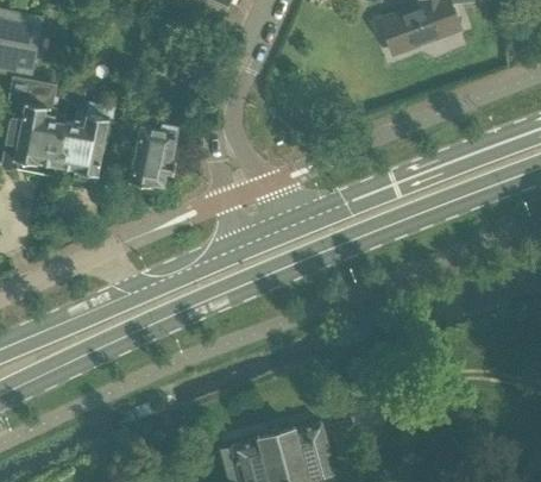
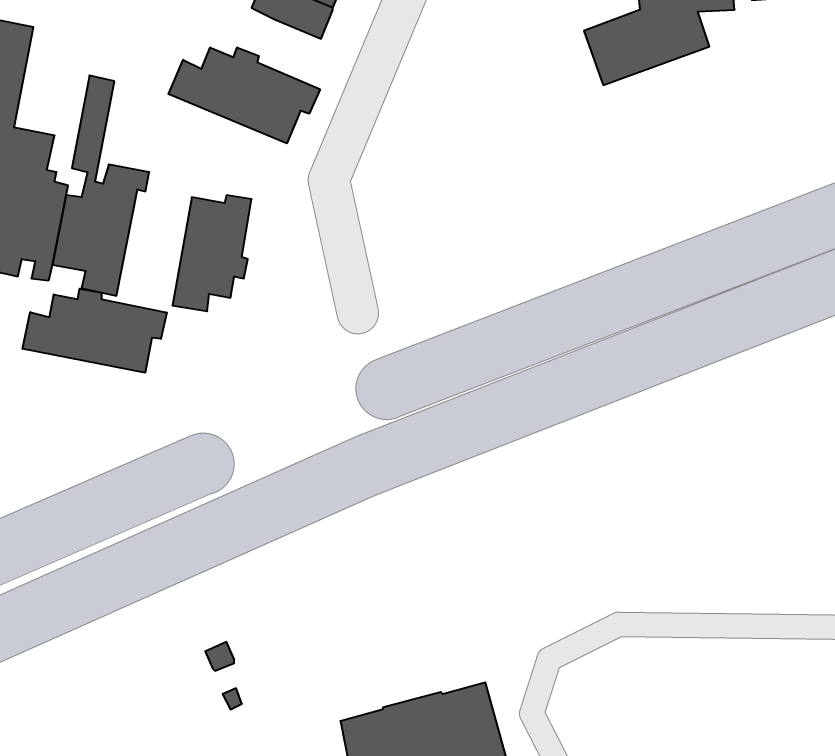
building: none -> [168,47,320,143]
building: none -> [23,289,167,373]

